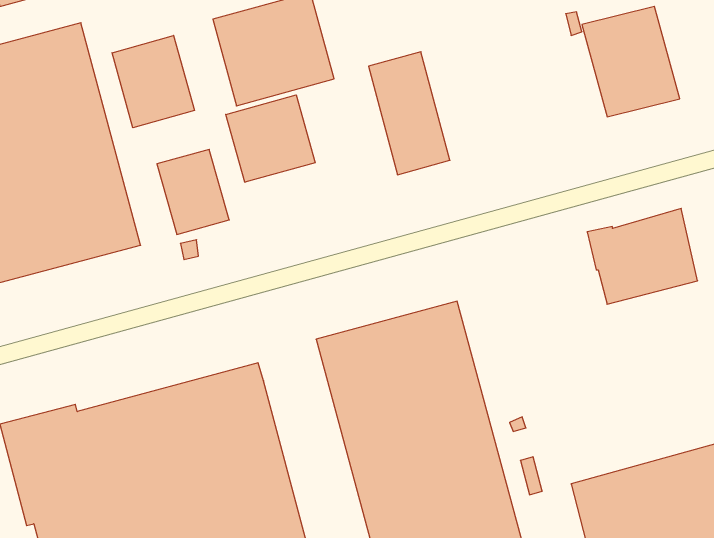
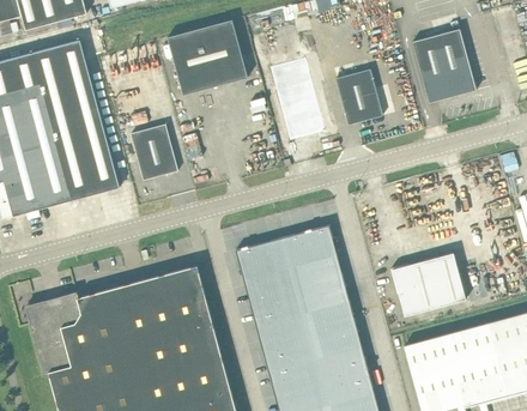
building: [112,35,194,128] -> none
building: none -> [335,69,383,126]
building: [226,95,315,182] -> none
building: [587,208,698,304] -> [392,253,465,316]

